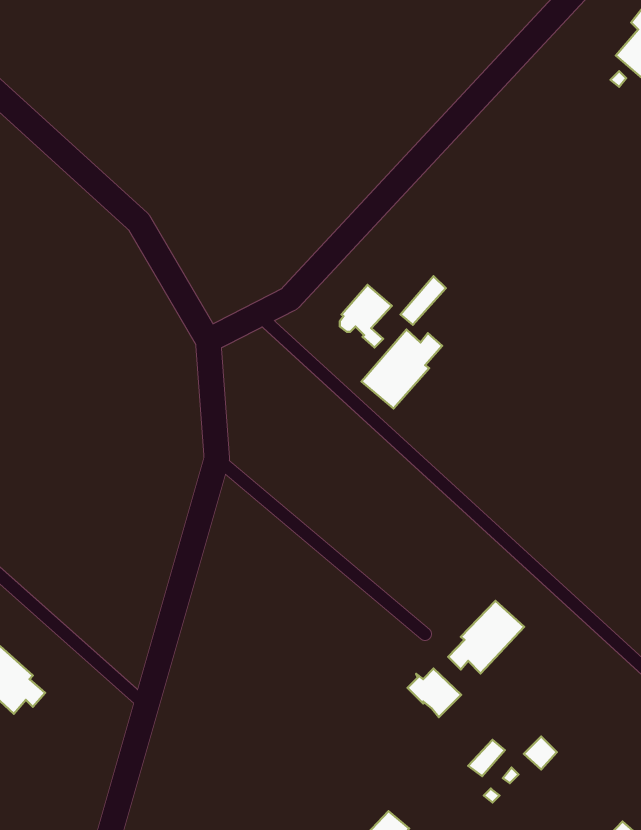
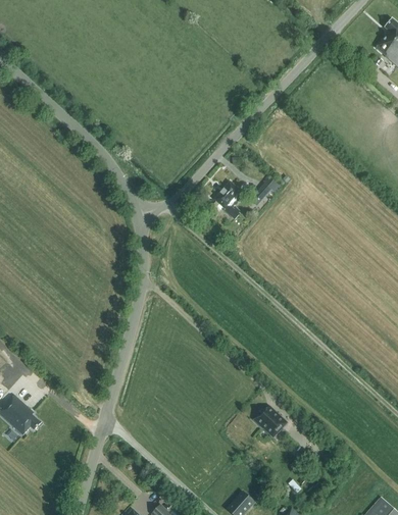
building: [361,329,442,409] -> none
building: [448,601,524,673] -> none

